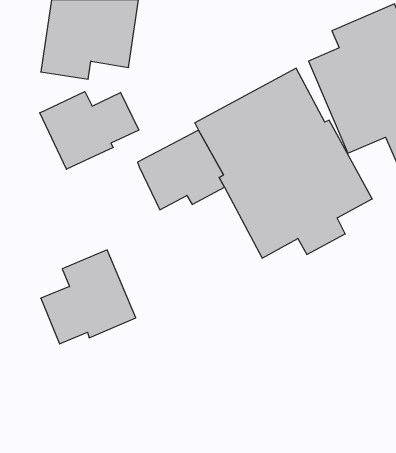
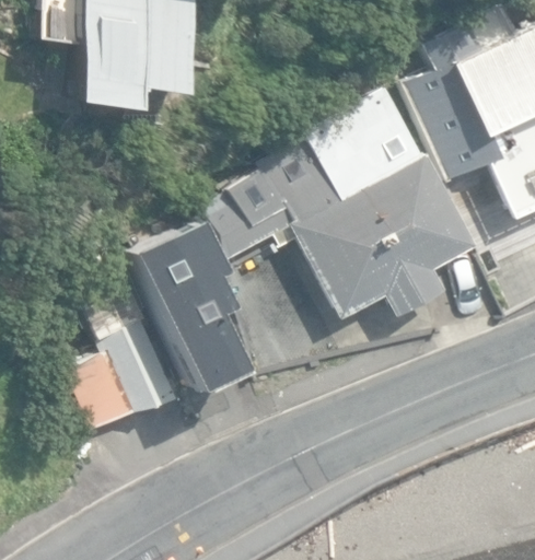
building: [40,92,139,169] -> none
building: none -> [127,209,244,386]

